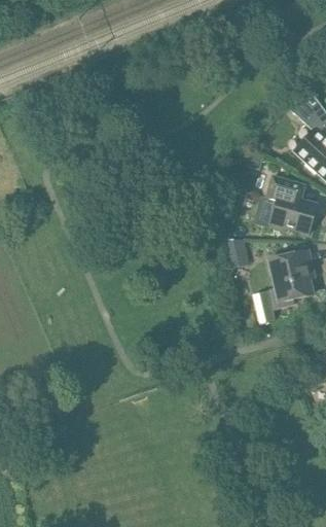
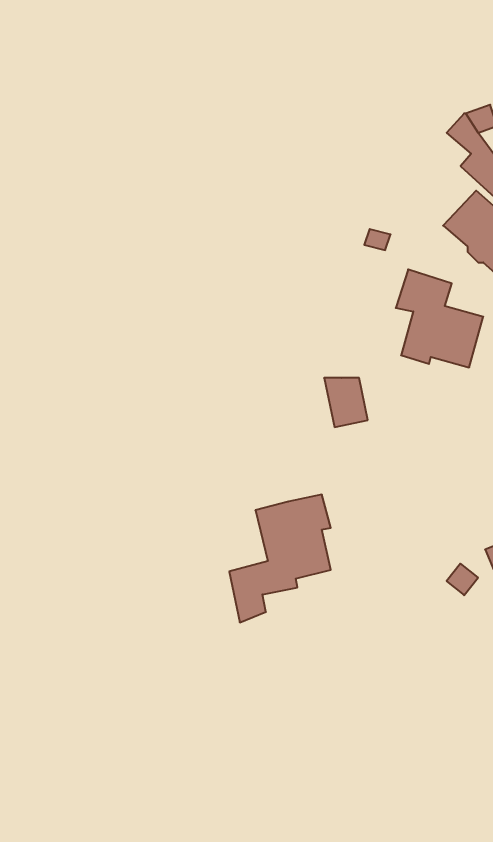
building: [253,249,313,324] -> [229,495,331,622]

